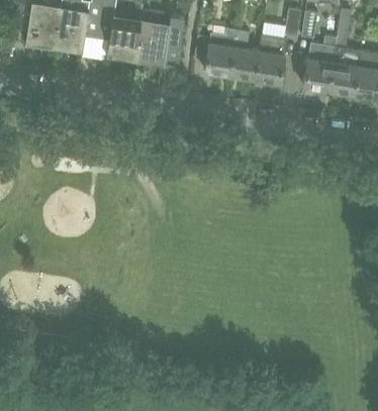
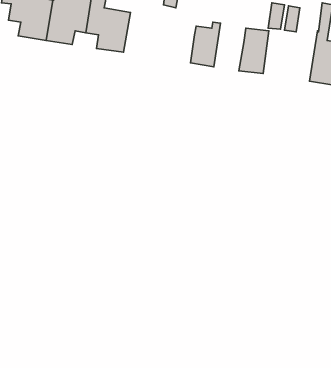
building: [134,14,184,64] -> none
building: [228,28,260,78] -> none
building: [303,35,337,89] -> none

